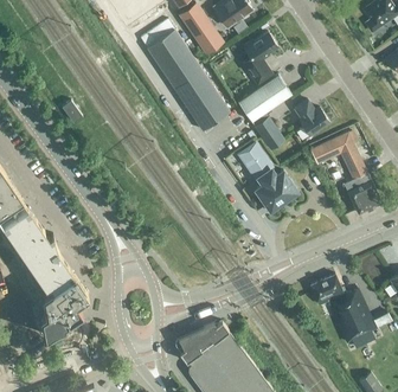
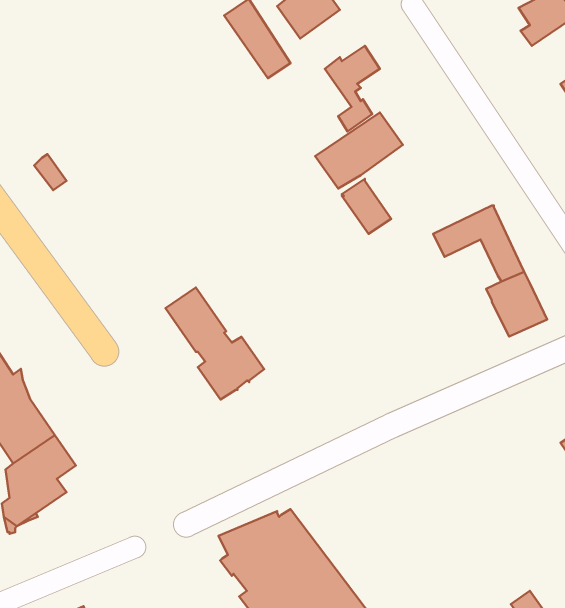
building: [140,21,230,133] -> none
building: [294,102,329,137] -> none
building: [236,142,297,212] -> [165,287,264,399]
building: [310,276,375,345] -> none

